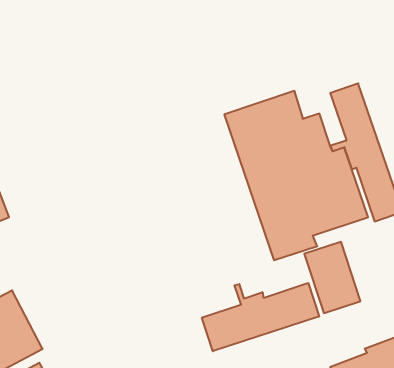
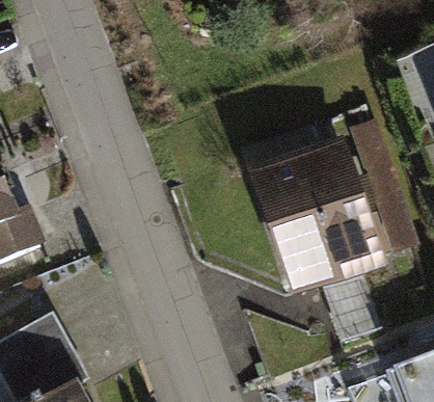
building: [202,283,319,351] -> none

